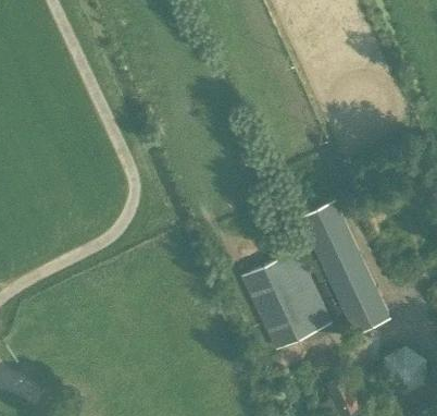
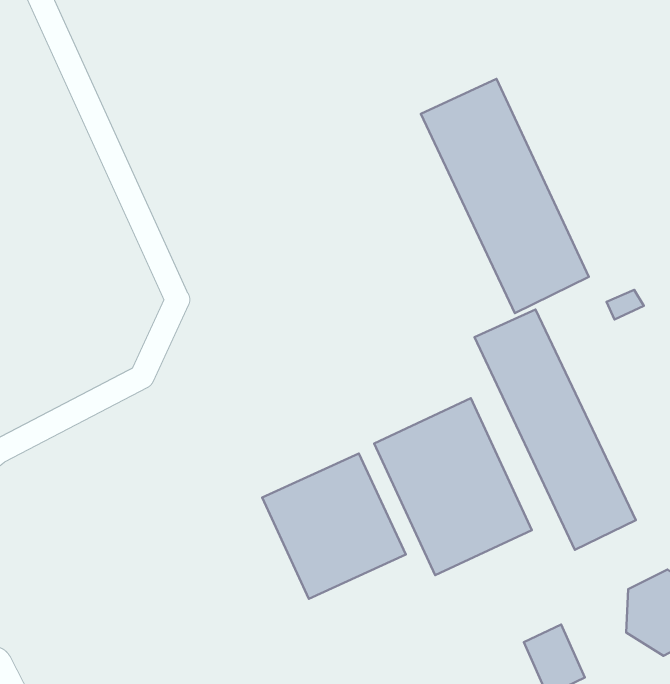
building: none -> [421,79,589,313]
building: none -> [262,453,406,599]

